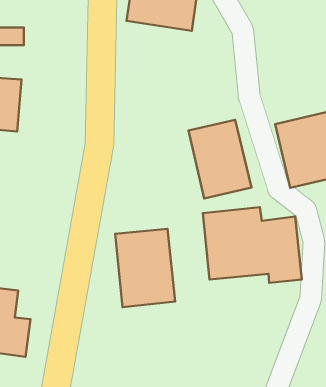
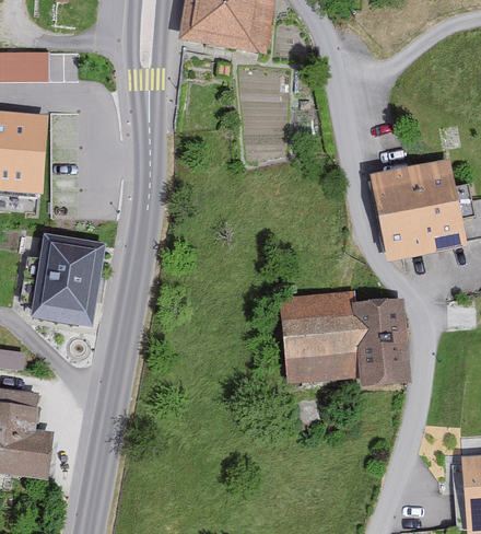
building: [188,120,251,199] -> none
building: none -> [30,233,106,327]
building: [115,229,175,307] -> none

